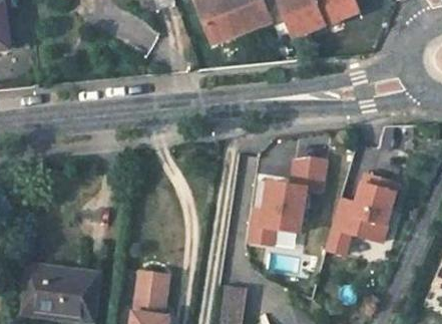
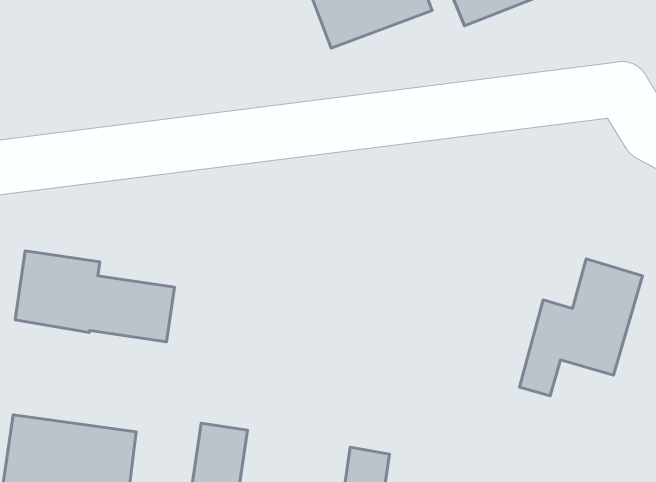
building: [251,155,325,242] -> none
building: none -> [15,251,174,342]

